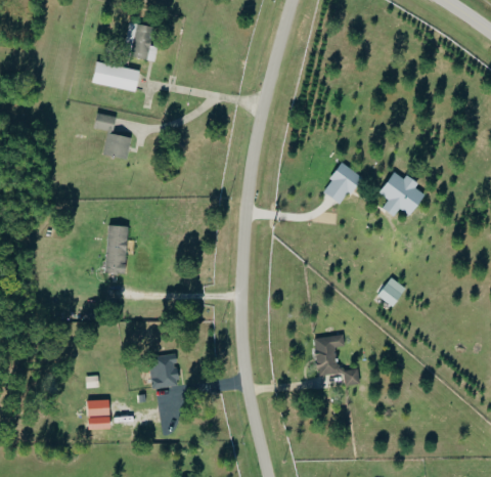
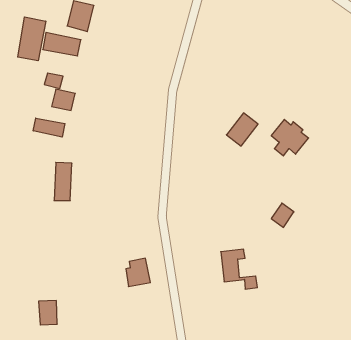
building: none -> [18,17,46,61]
building: none -> [33,118,65,137]
building: [150,353,181,389] -> [126,258,150,287]

